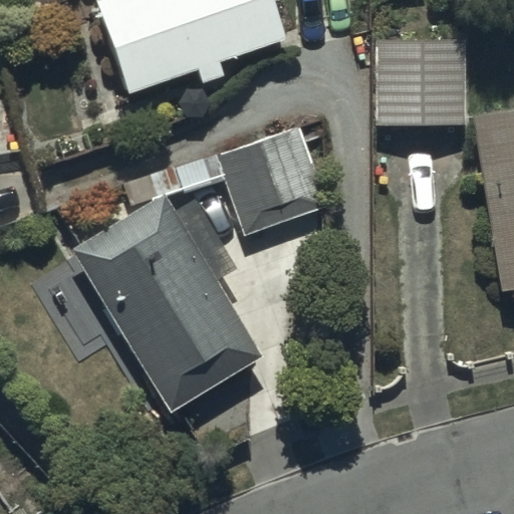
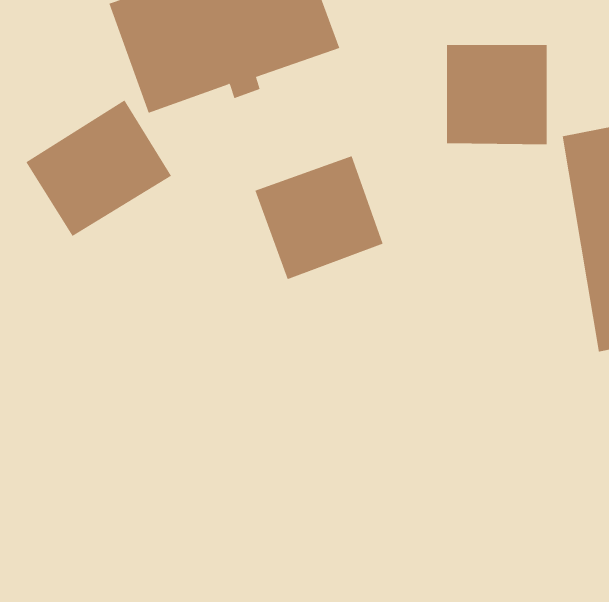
building: none -> [25,100,172,237]
building: [75,197,261,412] -> none

